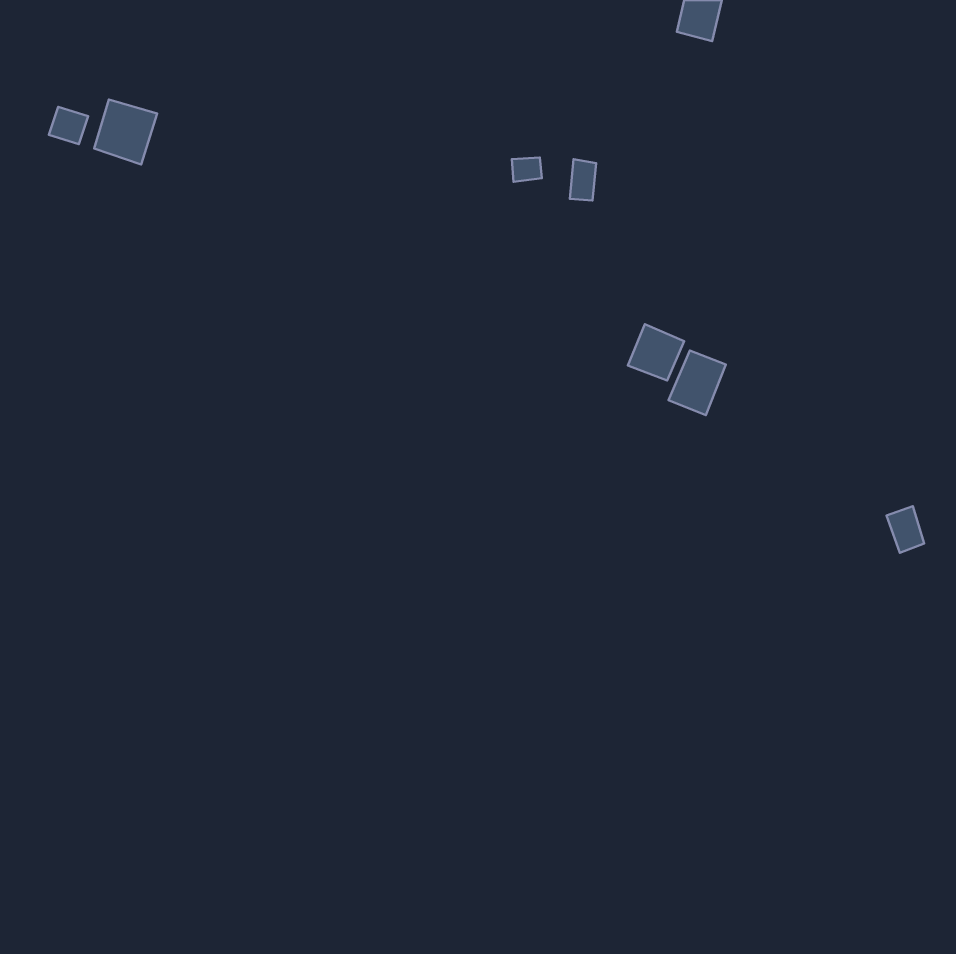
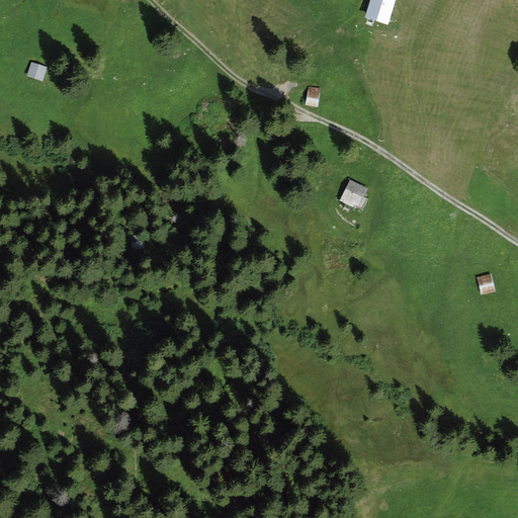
building: [94,99,157,164] -> none
building: [669,351,726,415] -> none

